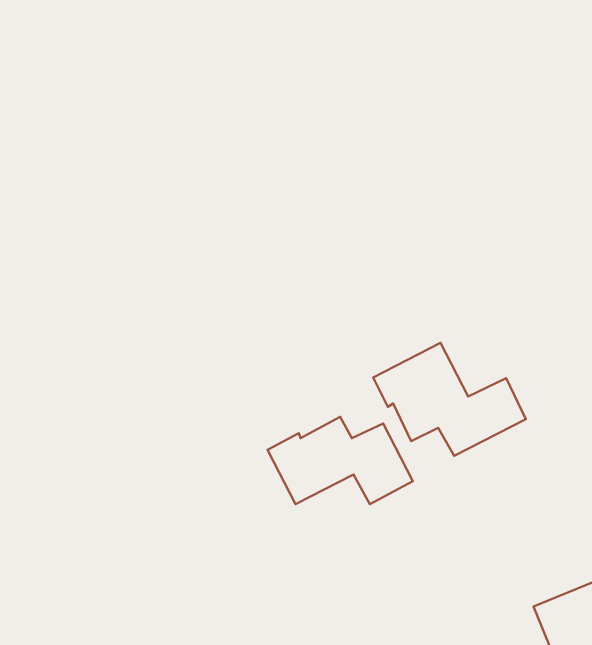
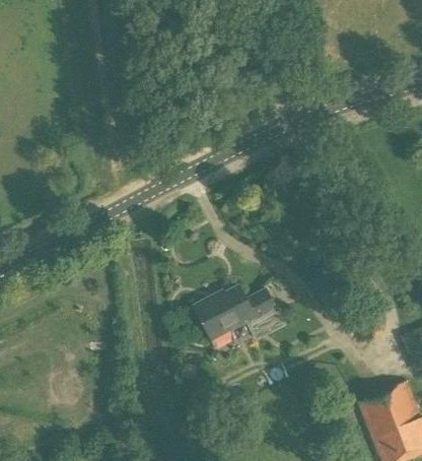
building: [373,343,526,456] -> none

